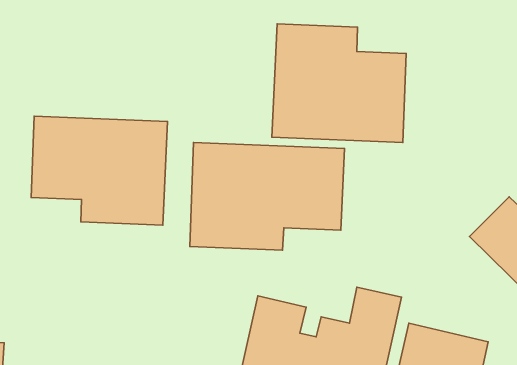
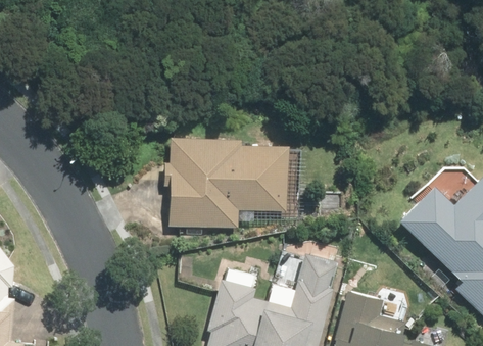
building: [272,24,406,143] -> none
building: [31,116,168,225] -> none

